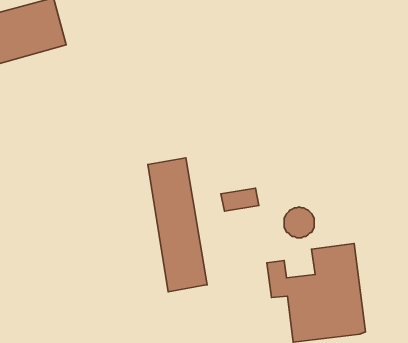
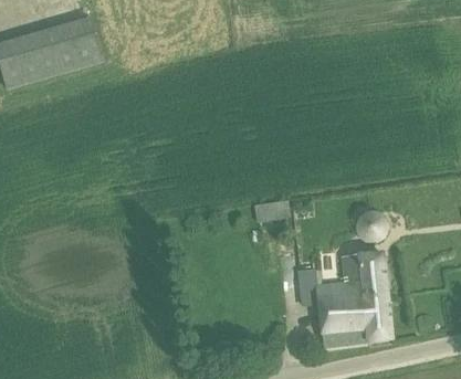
building: [148,158,207,292] -> none
building: [284,207,314,238] -> [358,210,387,240]

